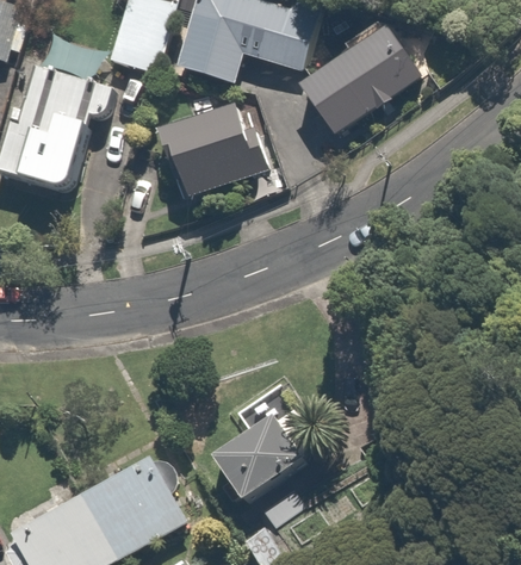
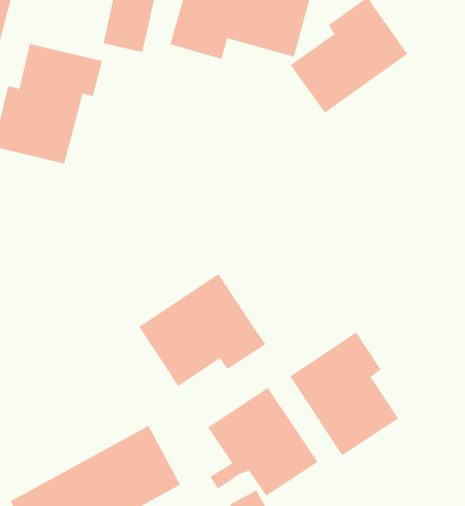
building: [162,108,260,190] -> none
building: none -> [138,273,266,387]
building: none -> [290,331,399,456]

